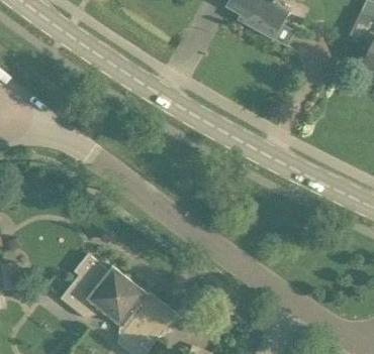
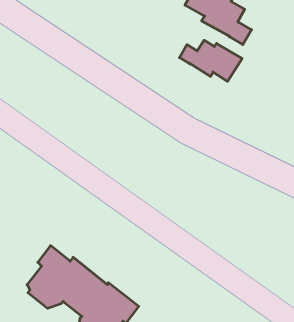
building: none -> [179,40,242,81]

